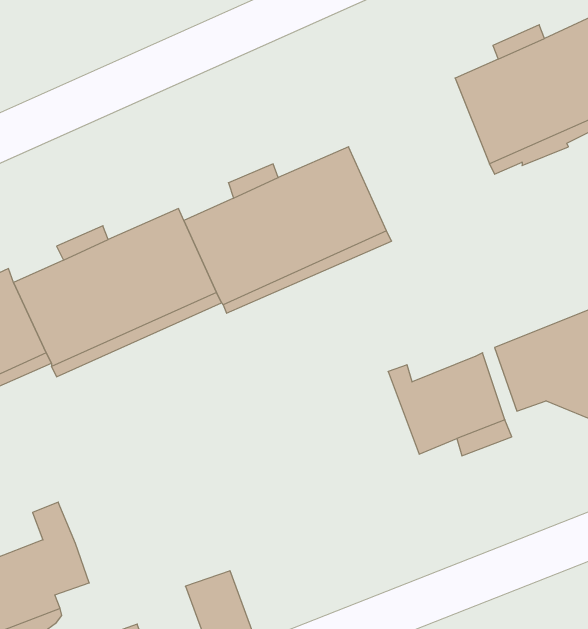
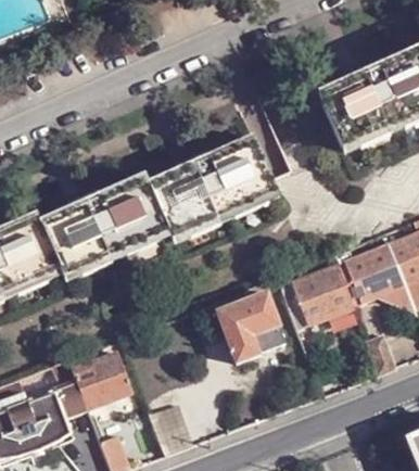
building: none -> [218,282,282,361]
building: none -> [69,352,134,409]

